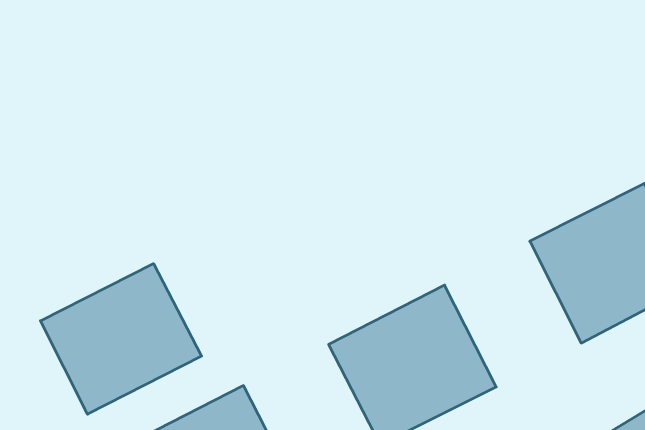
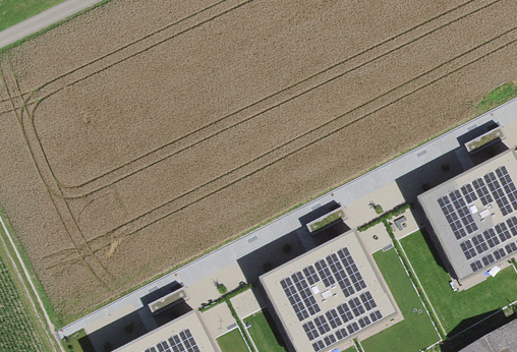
building: [40,264,202,414] -> none

